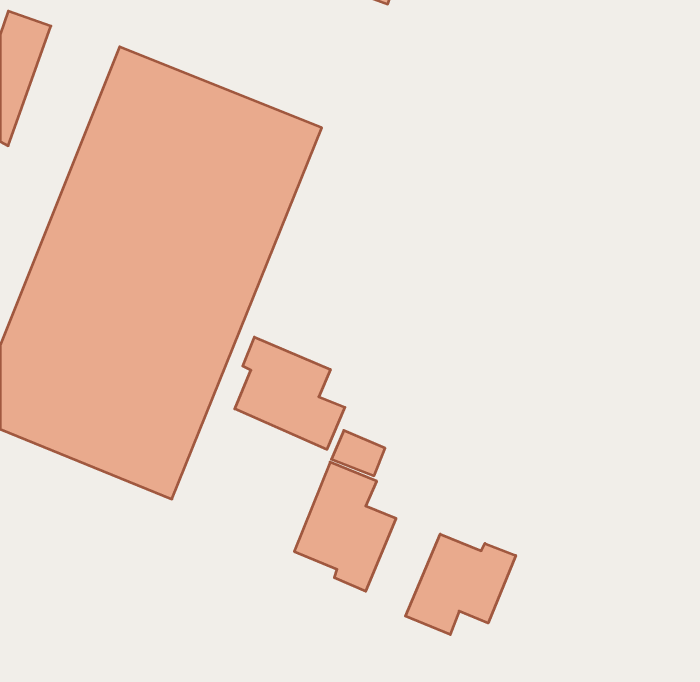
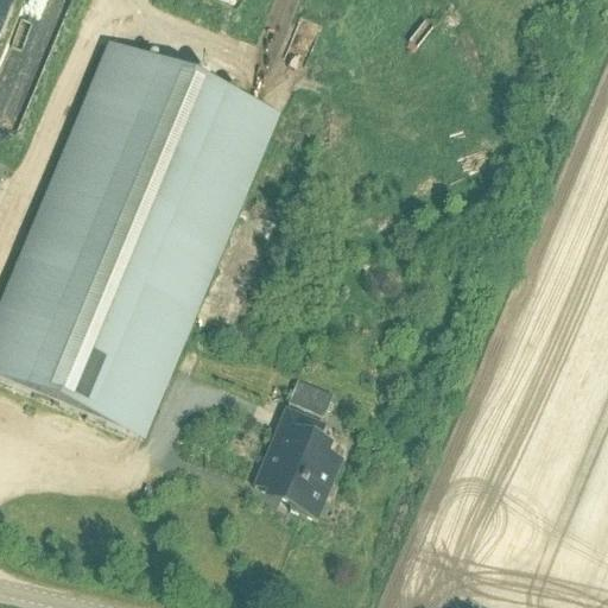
building: [235,337,345,449] -> none
building: [405,534,516,635] -> none

